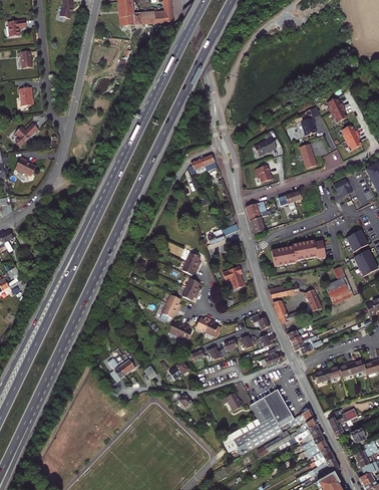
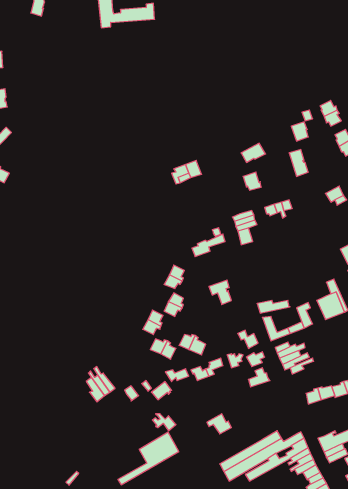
building: [272,239,326,266] -> none
building: [231,390,288,439] -> [118,432,179,485]

